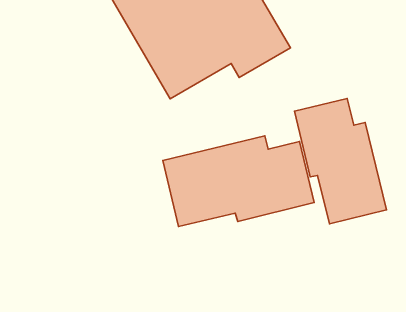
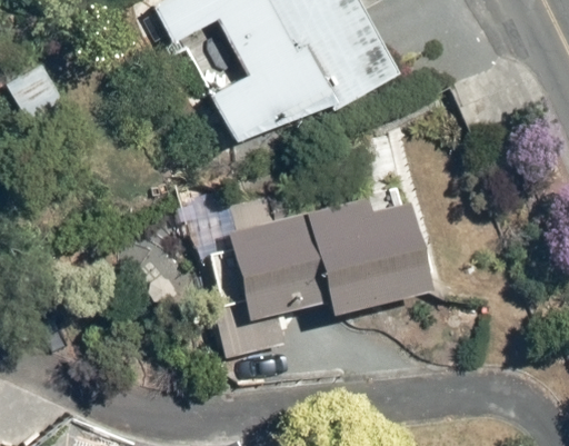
building: [295,99,386,224] -> none

